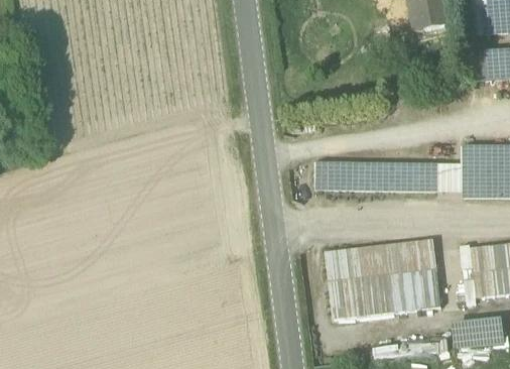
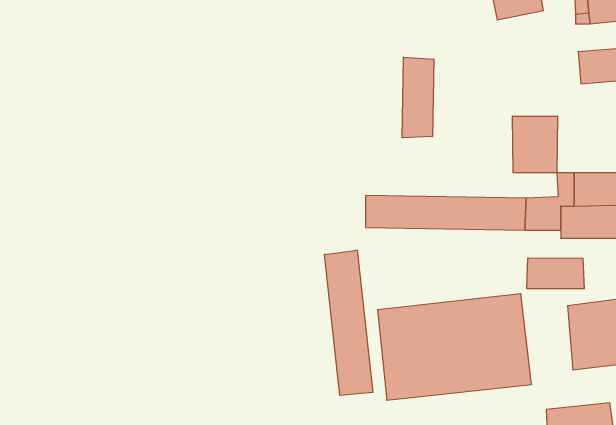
building: none -> [402,57,434,138]
building: none -> [512,116,557,173]
building: none -> [324,250,373,396]
building: none -> [527,258,584,289]

